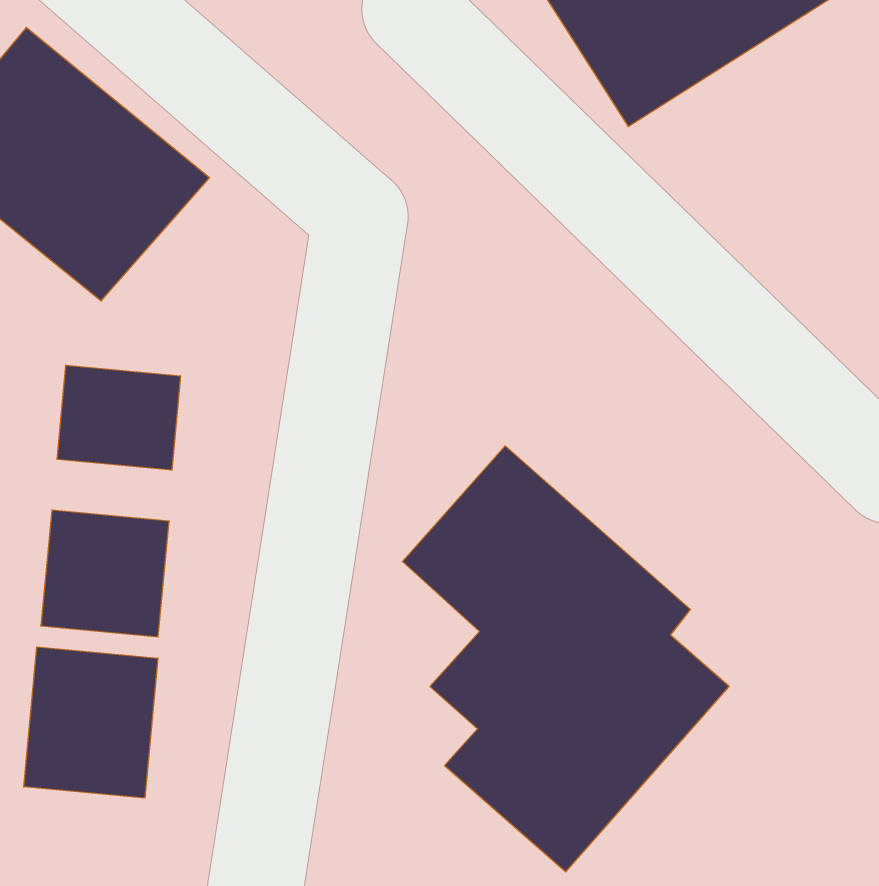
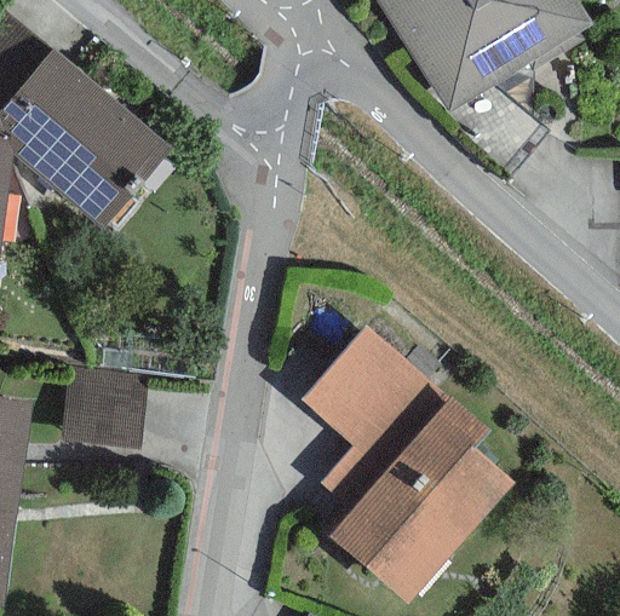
building: [57,365,180,470] -> none
building: [24,647,158,798] -> none

